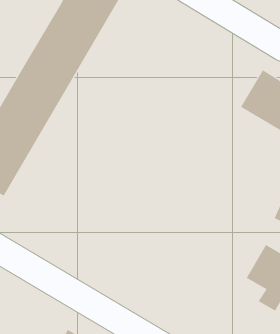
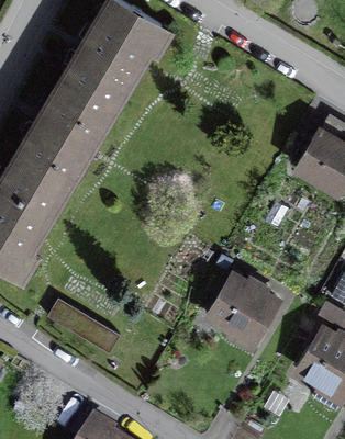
building: none -> [203,270,280,346]
building: none -> [56,300,122,353]

